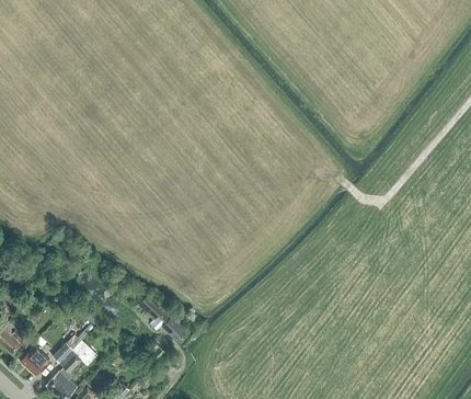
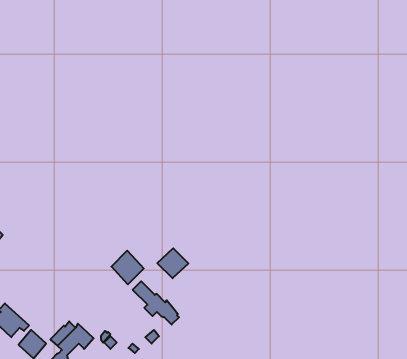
building: none -> [157,248,188,278]
building: none -> [111,251,144,284]

